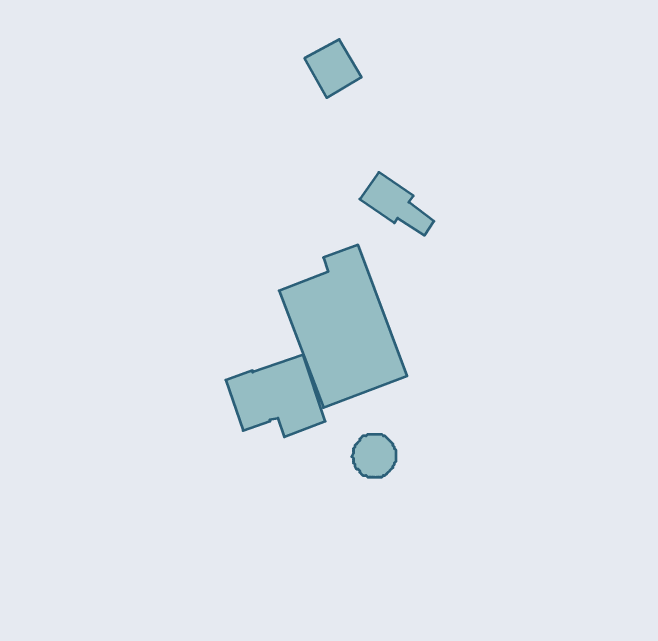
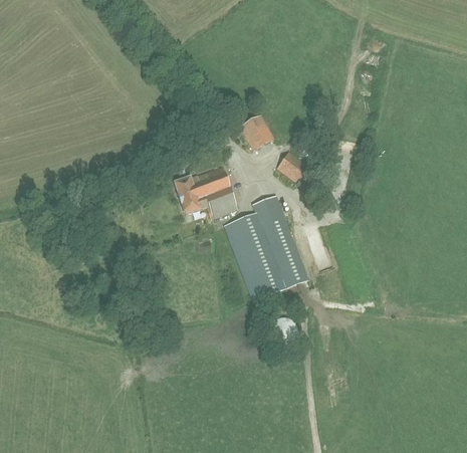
building: [305,39,361,98] -> [239,112,275,150]
building: [226,355,325,437] -> [174,166,237,218]

